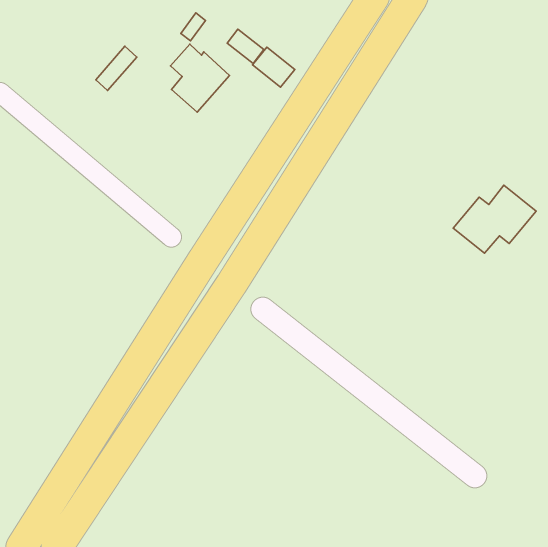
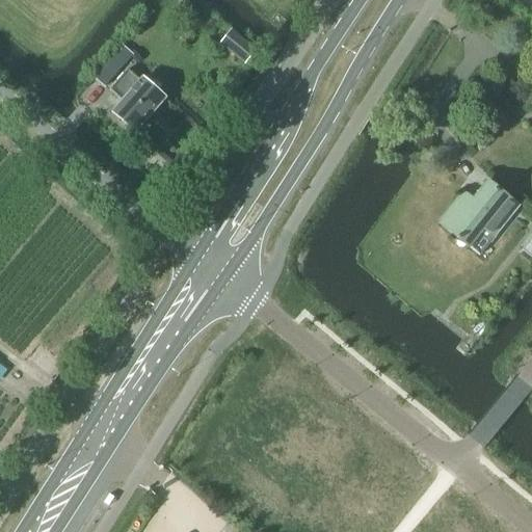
building: [170,44,230,112] -> [110,66,167,132]
building: [252,47,295,87] -> none

